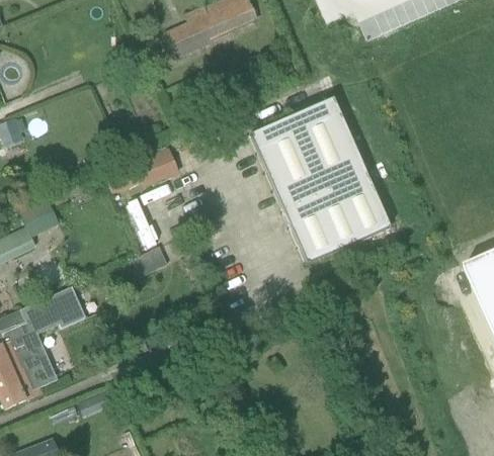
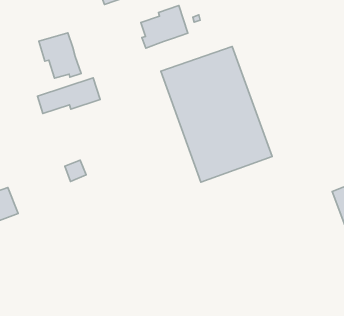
building: none -> [141,5,188,48]
building: none -> [39,33,81,78]

